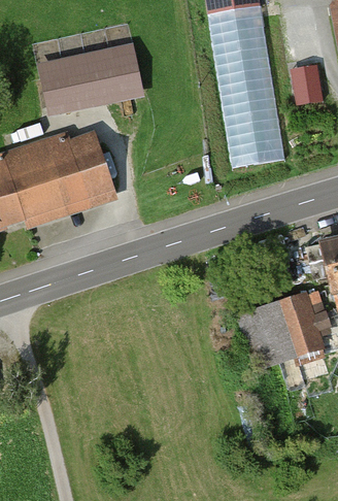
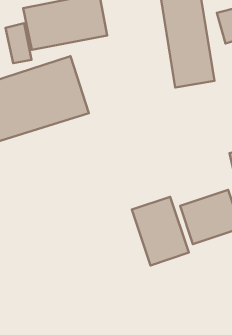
building: none -> [6,23,31,63]
building: none -> [132,197,189,265]

